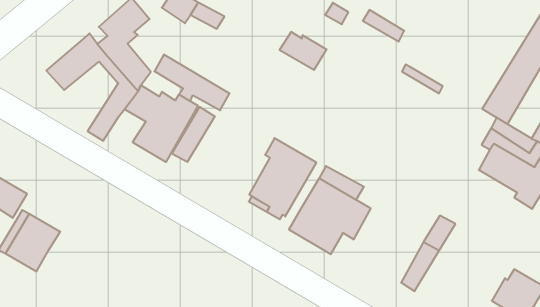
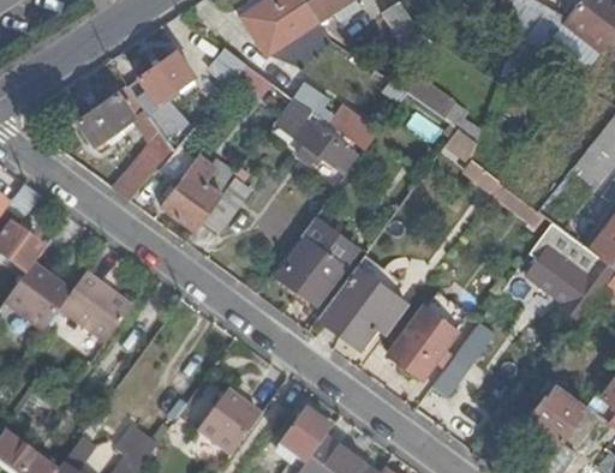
building: [154,55,230,110] -> [277,102,356,168]
building: none -> [388,304,458,376]
building: none -> [59,273,133,343]

